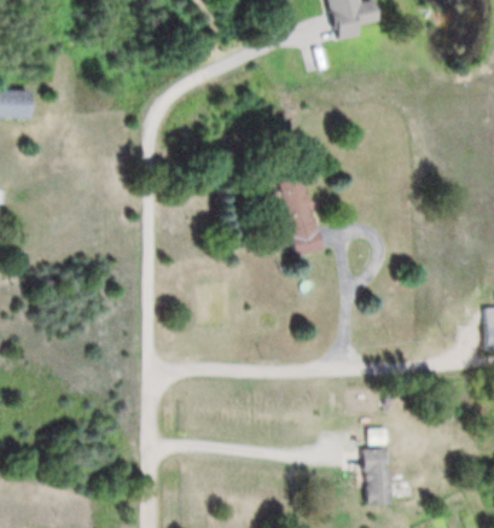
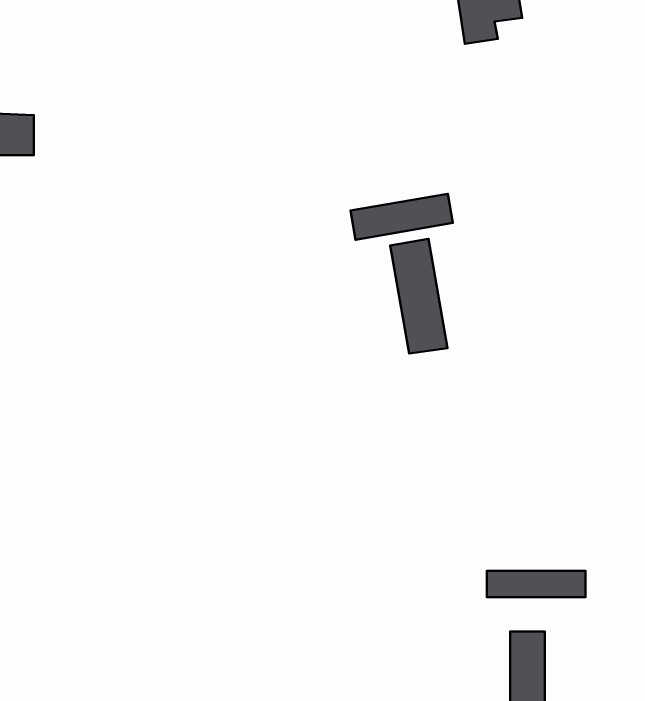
building: none -> [351,194,453,240]
building: none -> [487,571,586,597]

